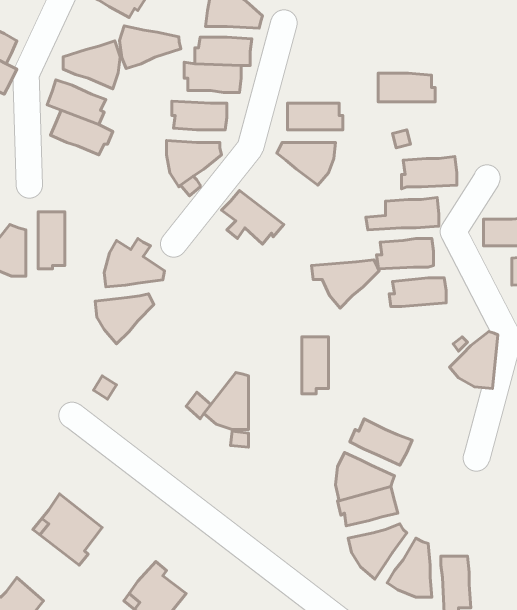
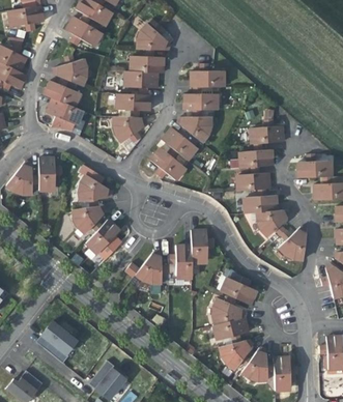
building: [120,26,181,68] -> none
building: [378,73,435,102] -> [191,70,224,87]
building: none -> [163,127,196,160]
building: [312,260,379,308] -> [251,209,290,237]
building: none -> [86,220,119,252]
building: none -> [176,246,193,278]

